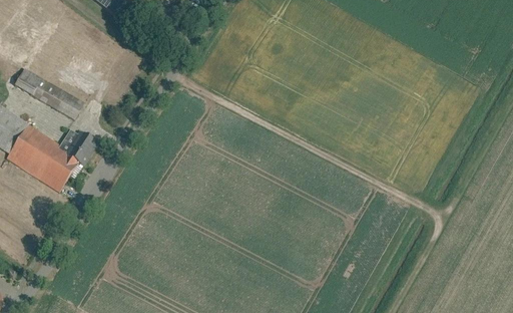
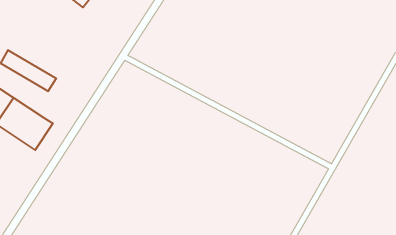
building: [69,129,98,162] -> none

